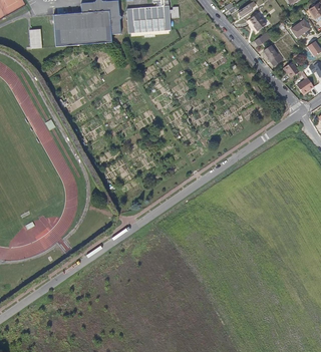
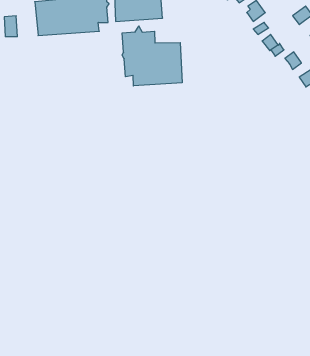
building: none -> [122,26,182,86]

